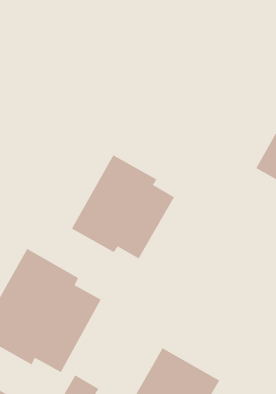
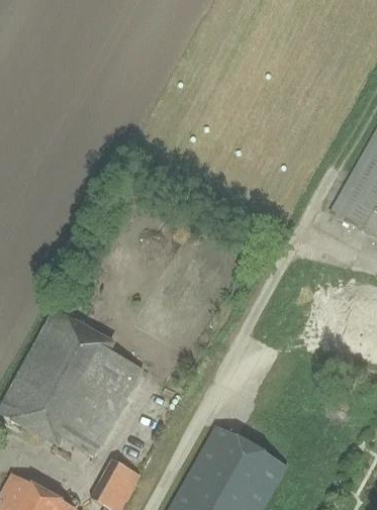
building: [71,154,175,259] -> none

